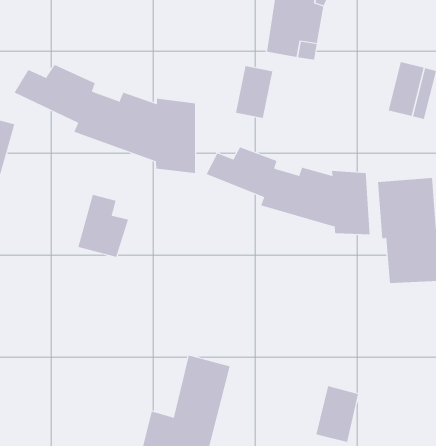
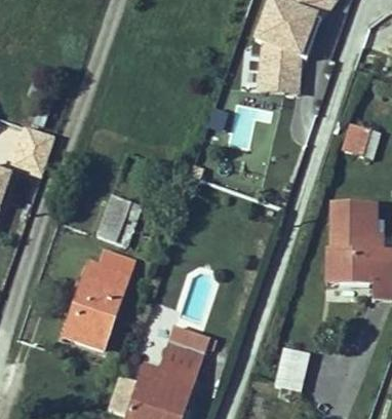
building: [14,64,195,174] -> none
building: [206,147,370,235] -> none
building: none -> [64,264,126,347]

